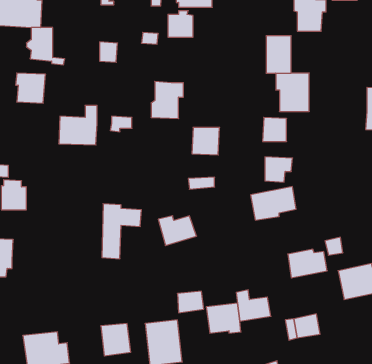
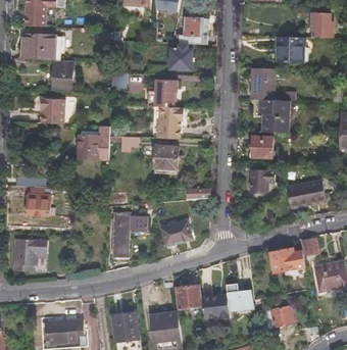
building: none -> [147,81,177,107]
building: [192,127,220,155] -> [154,146,178,169]
building: [251,187,296,220] -> [287,180,326,208]

